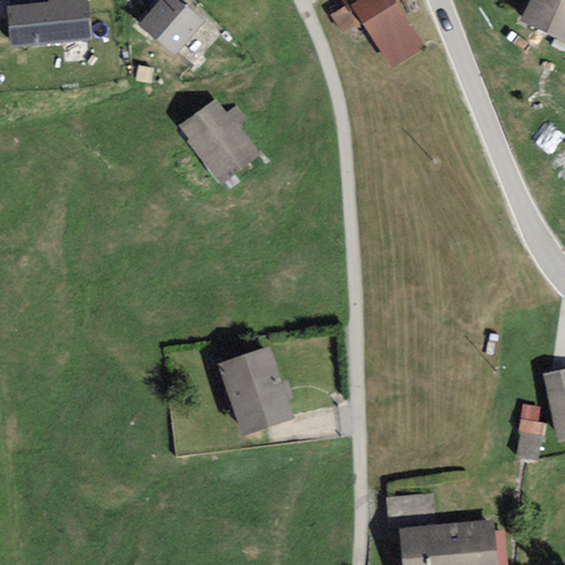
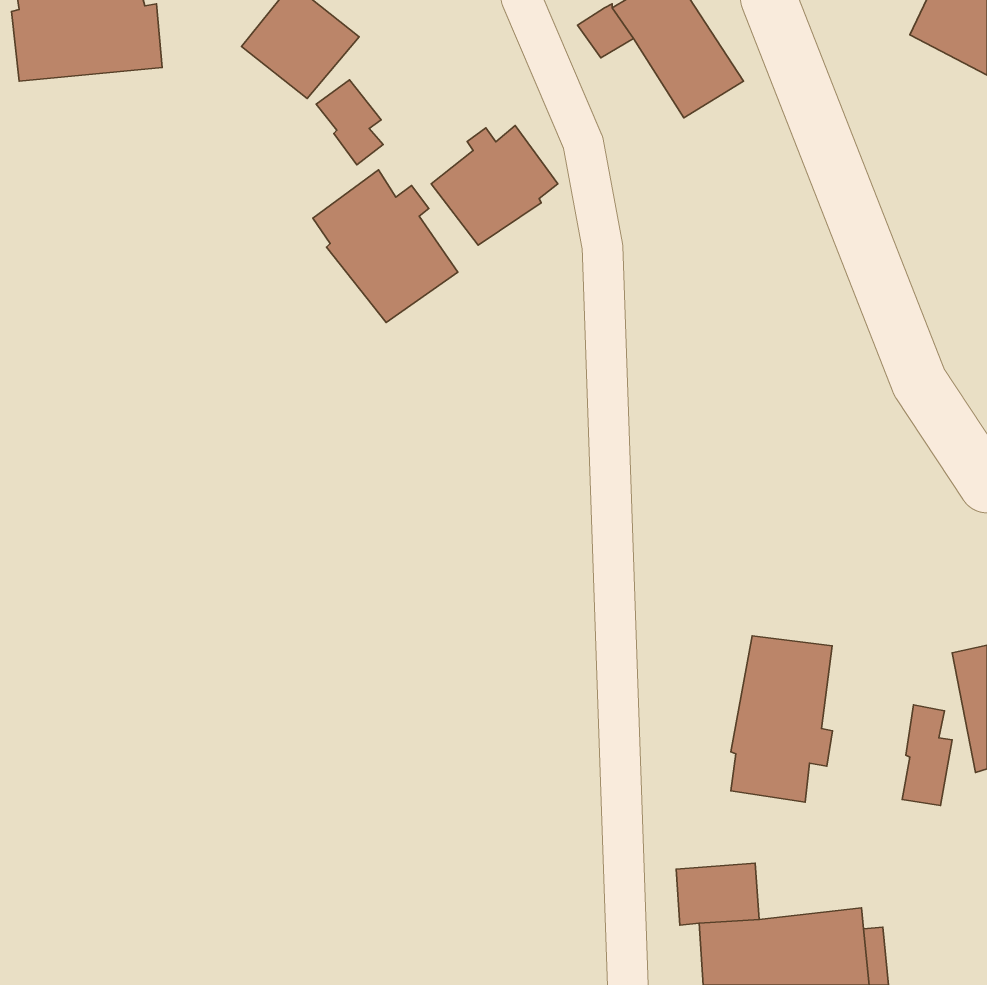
building: none -> [316,80,383,165]
building: none -> [431,125,558,245]
building: [217,345,295,436] -> none
building: none -> [731,636,833,802]

